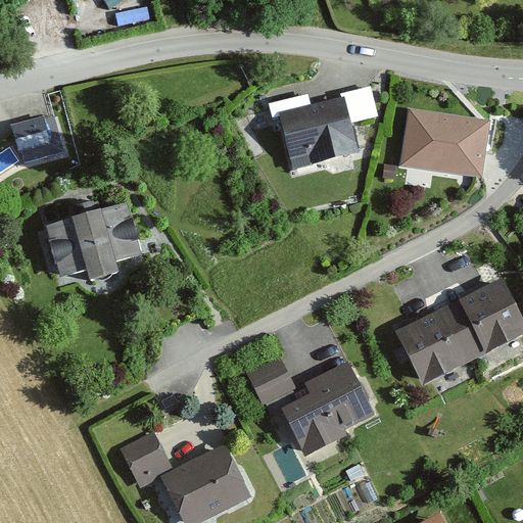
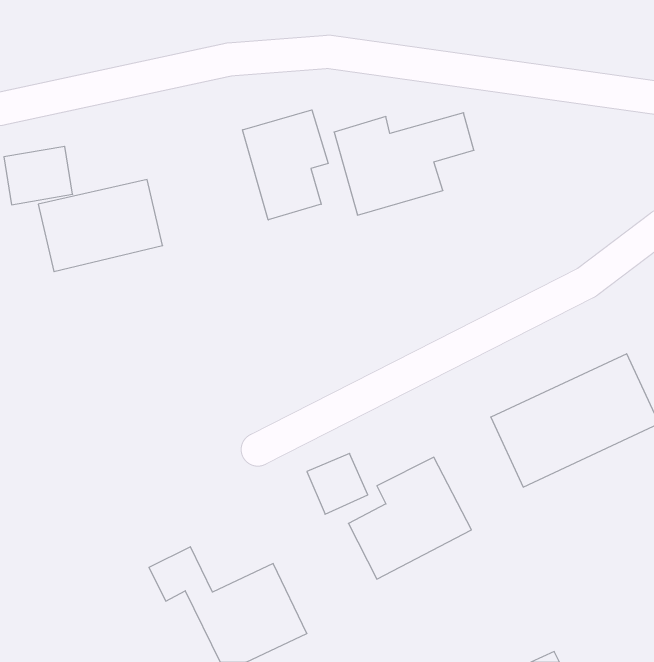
building: none -> [243,110,328,220]
building: [401,107,490,177] -> none
building: [40,206,138,279] -> [38,180,163,272]

